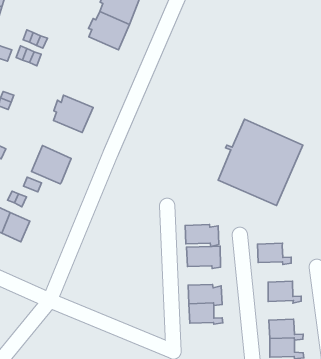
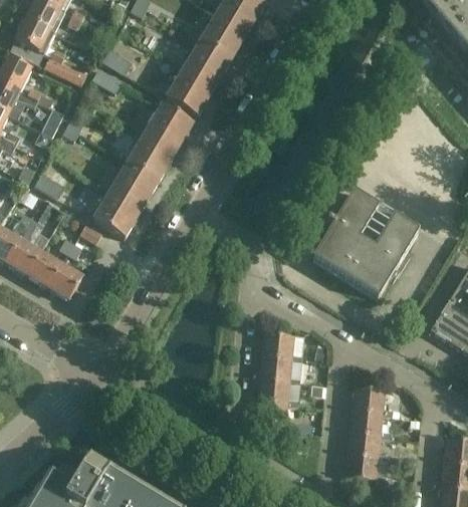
building: none -> [165,67,215,115]
building: none -> [143,103,193,152]
building: none -> [109,161,159,209]
building: [185,225,219,246] -> [260,355,301,385]
building: [257,243,291,264] -> [350,410,391,438]

